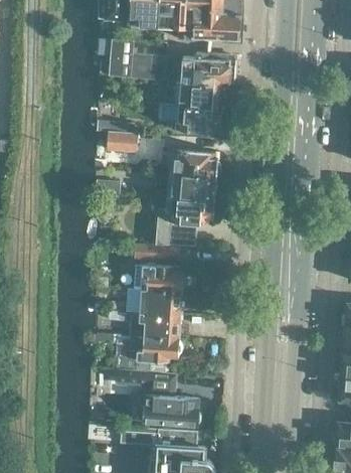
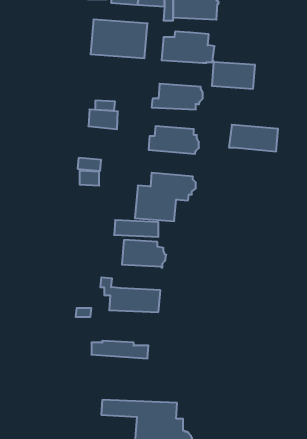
building: [180,82,224,109] -> [212,62,255,89]
building: [166,173,216,200] -> [229,125,278,151]
building: [141,290,182,316] -> none
building: [122,336,182,369] -> none
building: [146,395,201,426] -> none

